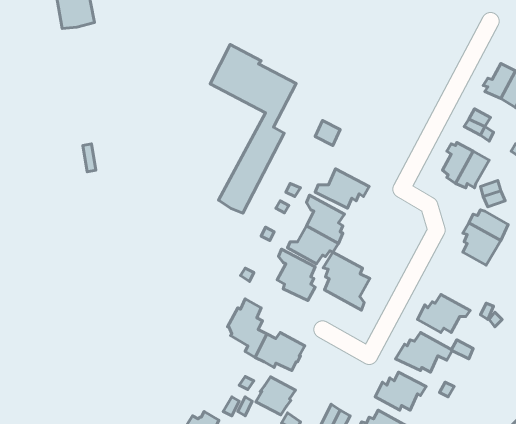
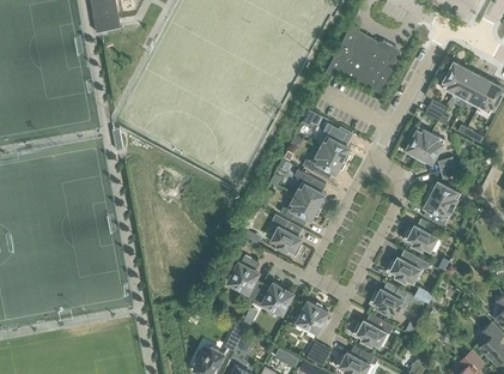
building: none -> [326,23,401,94]
building: [210,45,296,213] -> none
building: none -> [320,123,354,162]
building: [323,252,370,310] -> none
building: none -> [403,218,439,251]
building: [256,377,295,415] -> [297,301,329,332]

